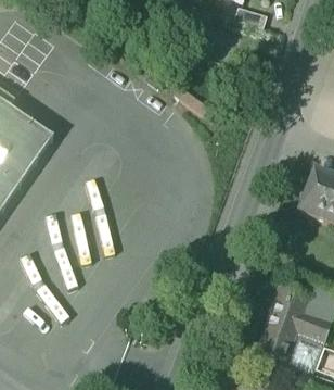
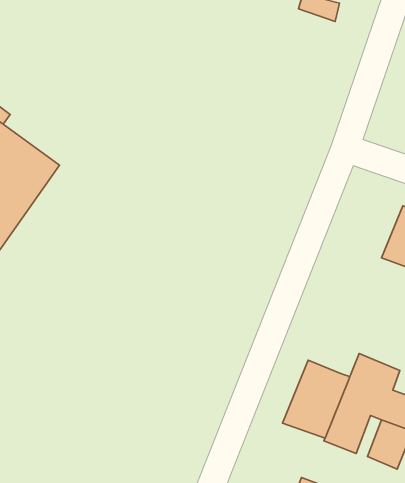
building: none -> [283,360,350,438]

